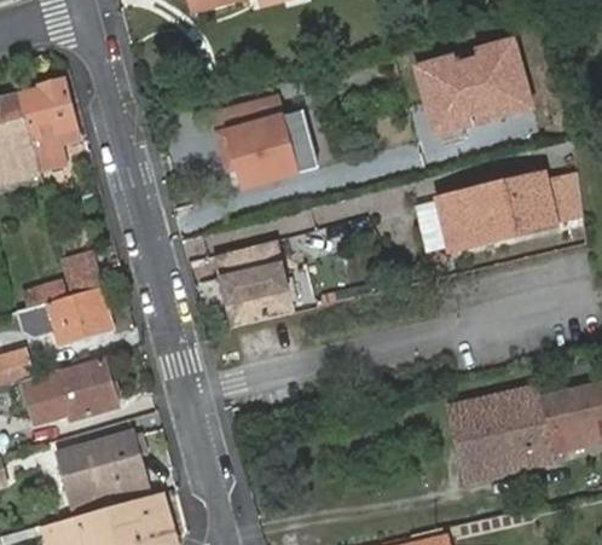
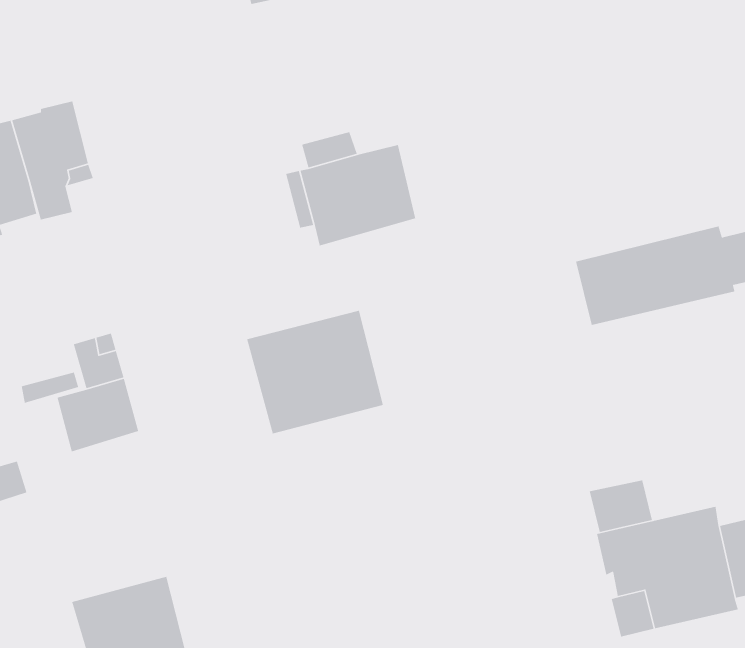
building: [413,30,540,135] -> none
building: [27,359,117,418] -> none
building: none -> [589,480,653,533]

